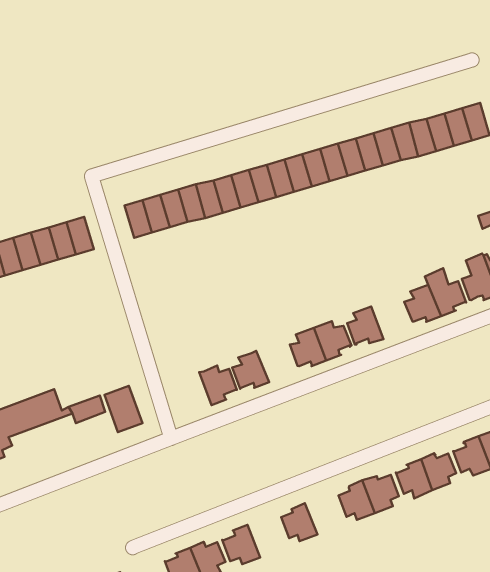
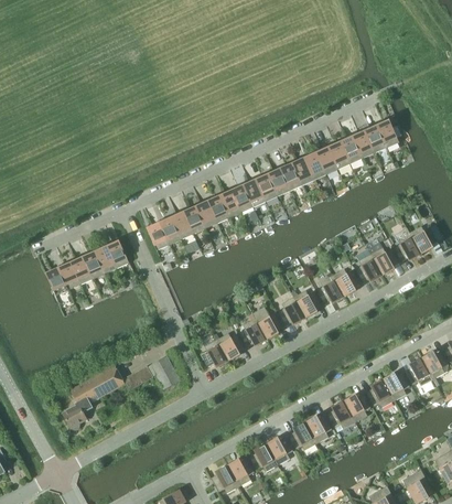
building: none -> [332,268,360,297]
building: none -> [252,305,283,339]
building: none -> [201,339,228,367]
building: none -> [304,415,332,442]
building: none -> [266,436,293,464]

